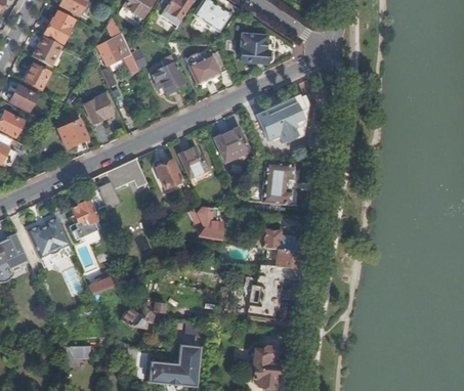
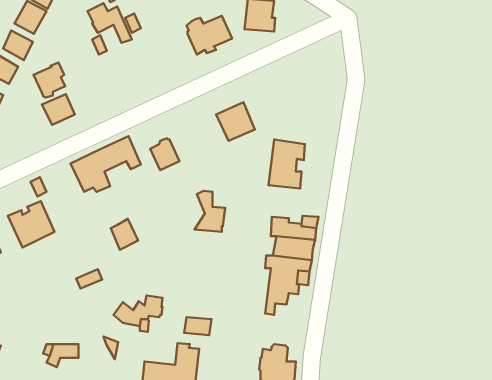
building: [151,55,182,90] -> none
building: [84,92,113,124] -> [33,62,65,98]
building: [255,95,308,141] -> none
building: [178,146,208,176] -> none
building: [72,200,96,227] -> [111,219,138,250]

